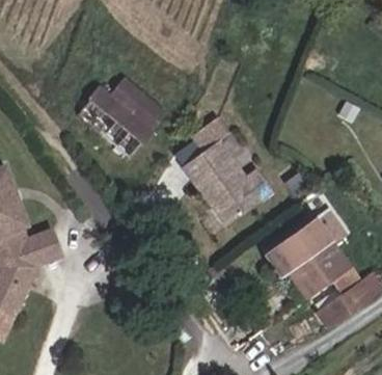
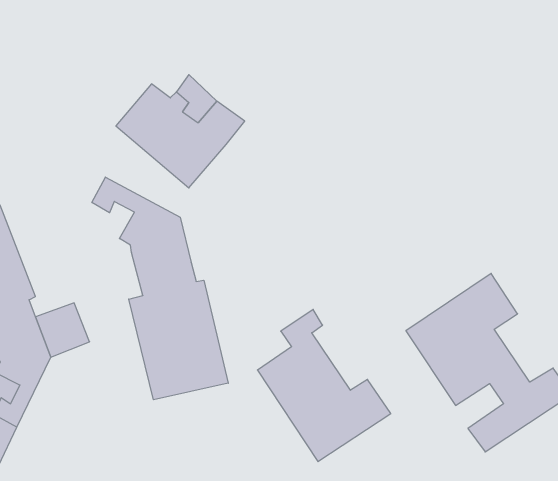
building: [189,114,278,216] -> [257,309,391,462]
building: none -> [92,177,228,400]

